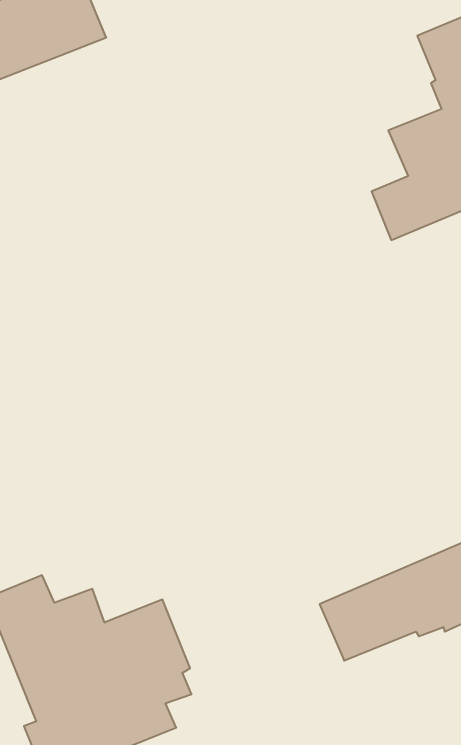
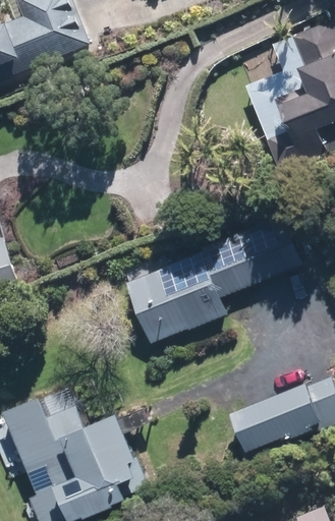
building: none -> [125,215,300,343]

